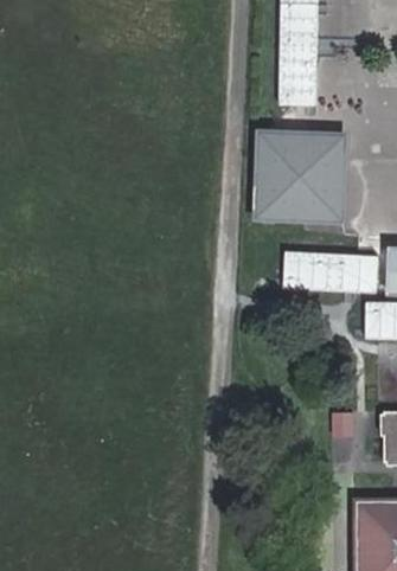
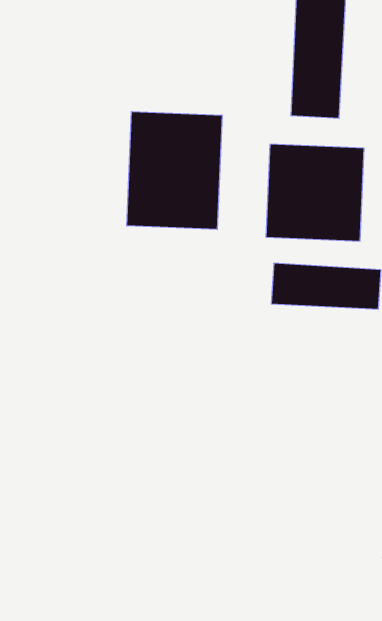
building: none -> [127,111,222,230]

